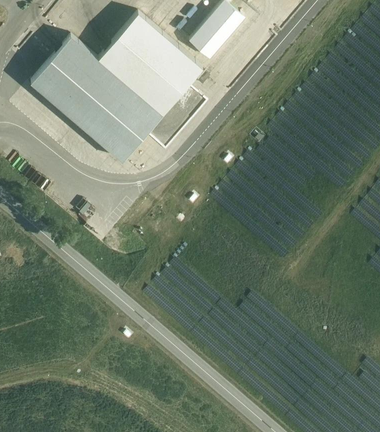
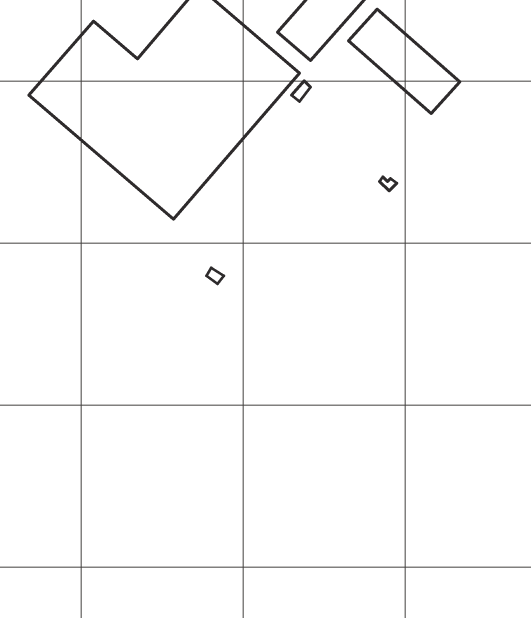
building: none -> [348,9,460,114]

